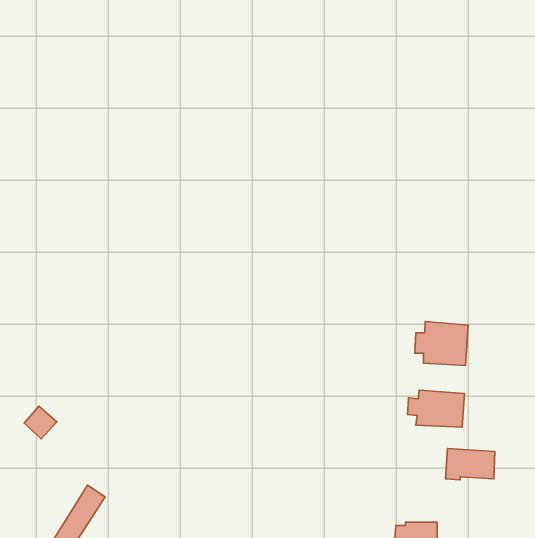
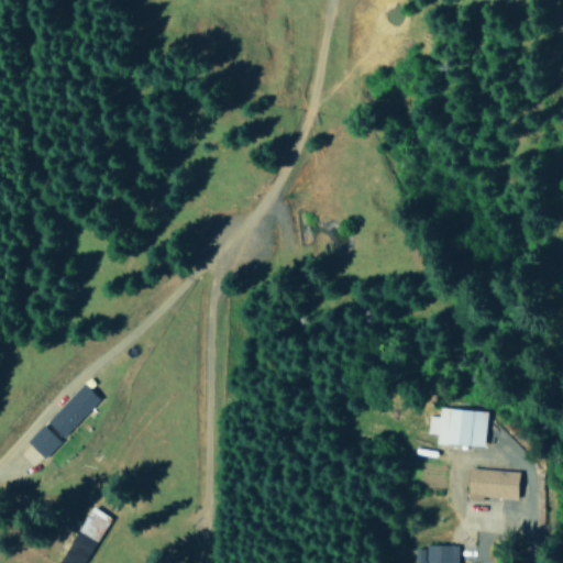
building: [415,322,468,365] -> none
building: none -> [49,384,101,438]

